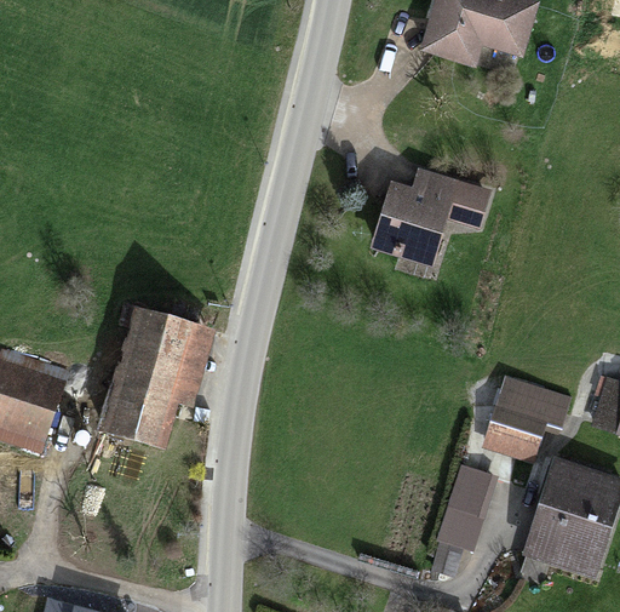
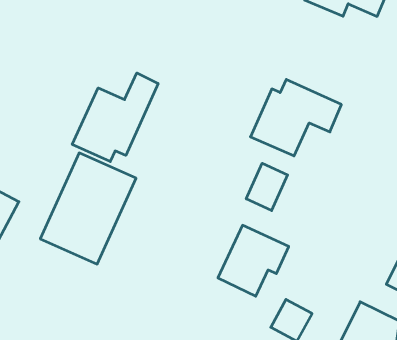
building: none -> [72,73,158,162]
building: none -> [246,163,288,211]
building: [475,373,567,469] -> [218,225,289,296]

